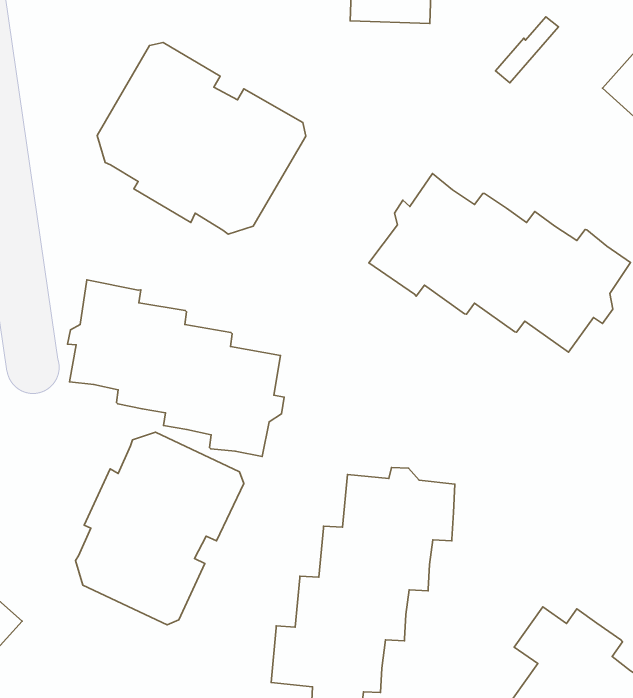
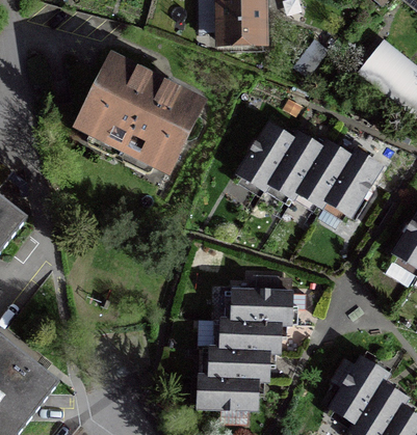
building: [67,280,284,456] -> none
building: [76,432,244,625] -> none

